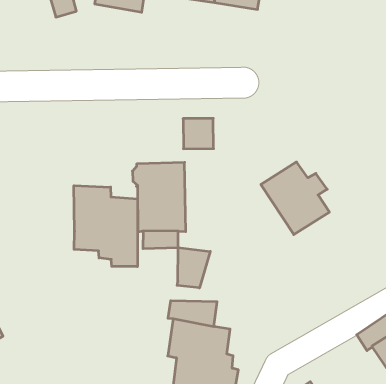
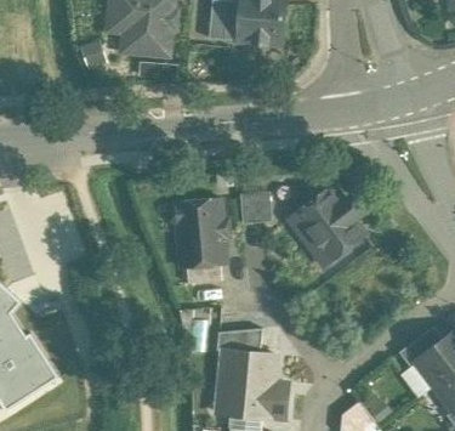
building: [183,118,214,149] -> [240,192,272,223]
building: [74,186,138,267] -> none
building: [177,247,210,288] -> none

